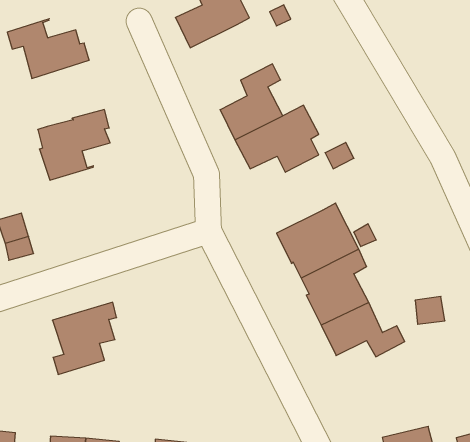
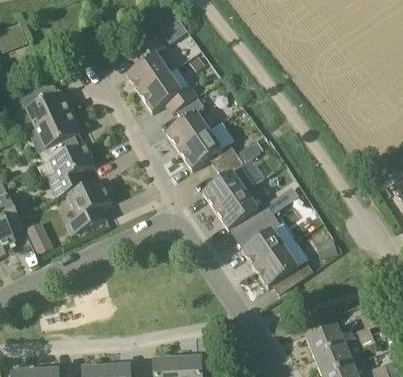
building: none -> [139,66,196,111]
building: none -> [35,110,79,162]
building: none -> [202,152,244,209]
building: [52,302,117,374] -> [67,177,111,231]

